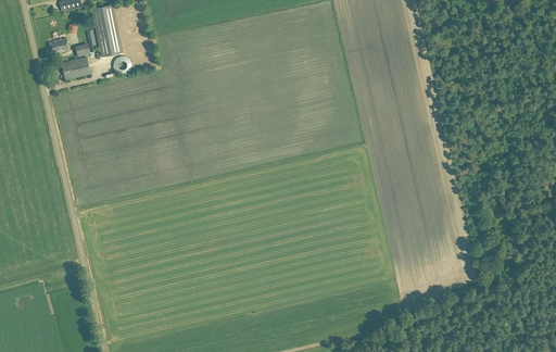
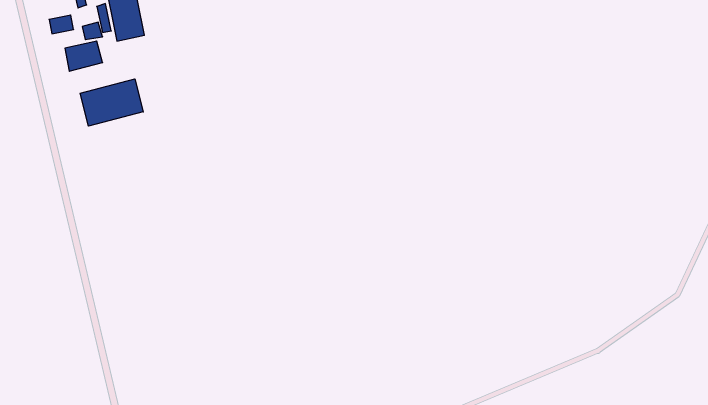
building: none -> [80,79,143,126]

